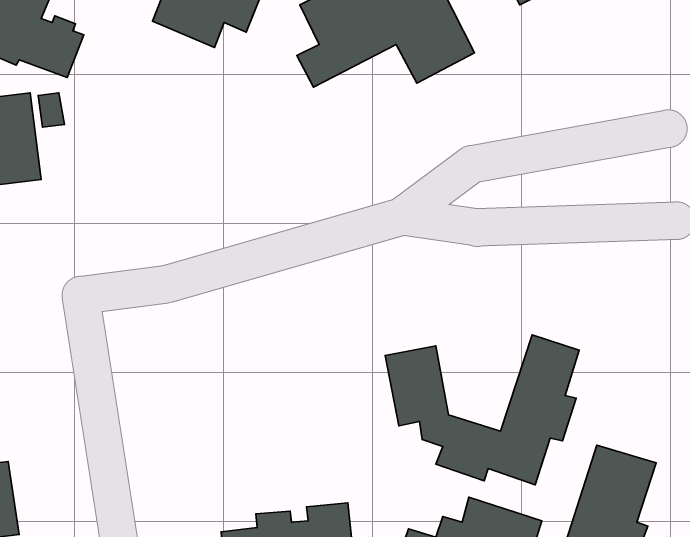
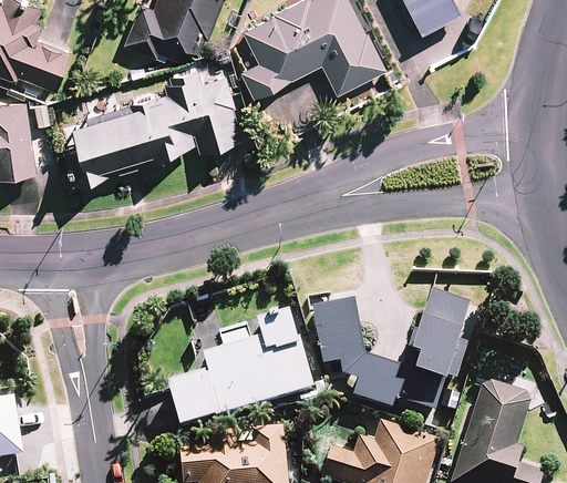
building: none -> [64,61,243,184]
building: none -> [167,317,313,431]

